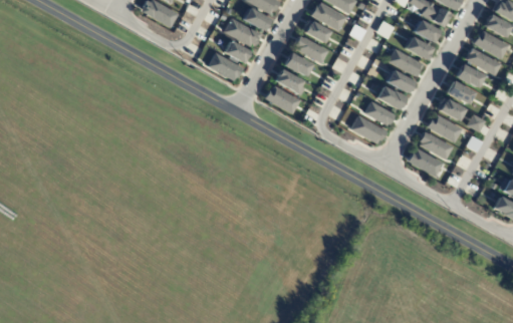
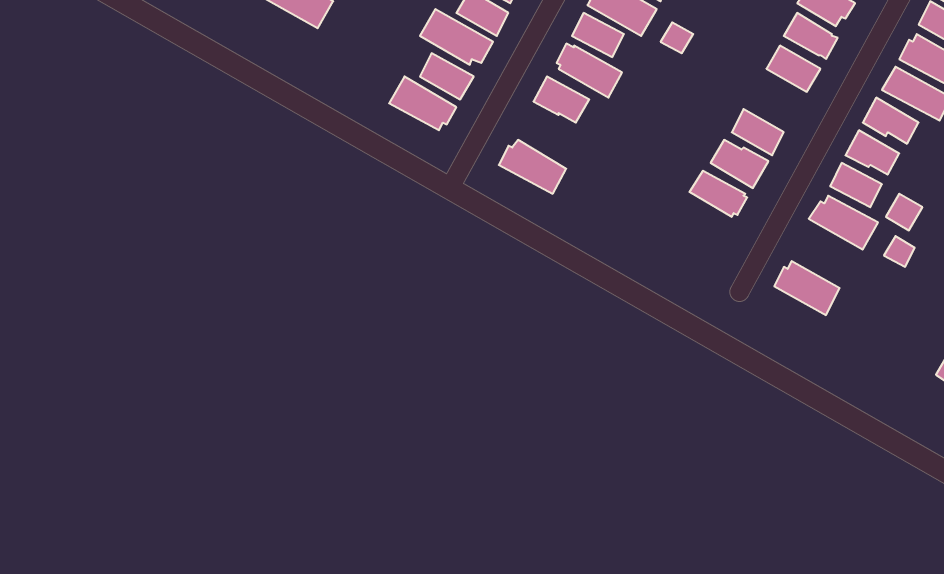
building: [390,48,425,76] -> none
building: [275,68,305,94] -> none
building: [351,115,388,143] -> none
building: [421,131,454,159] -> none

